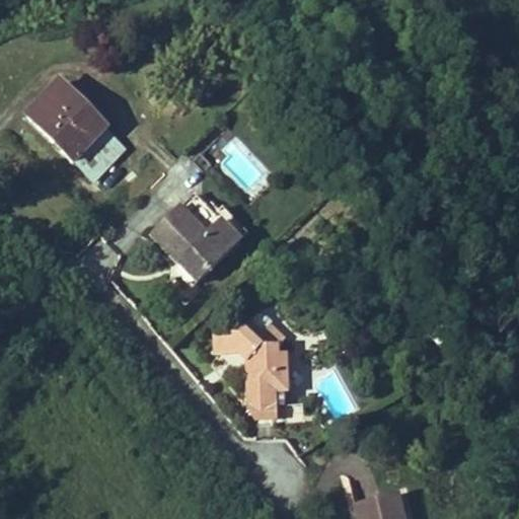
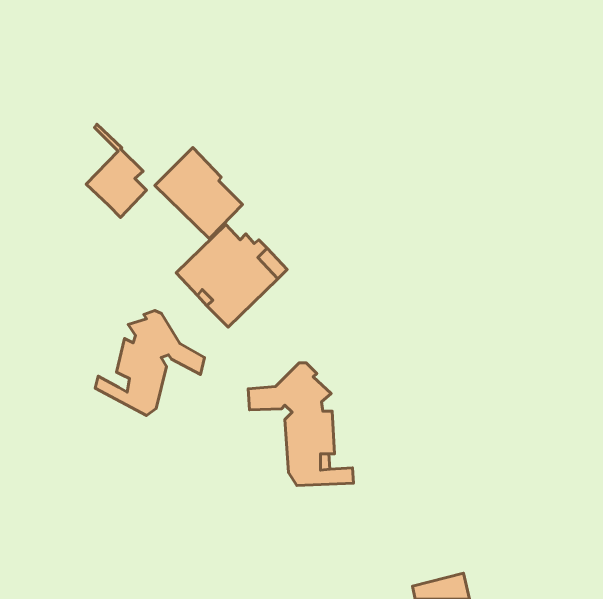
building: [26,81,101,159] -> [155,148,242,239]
building: none -> [95,310,204,415]

